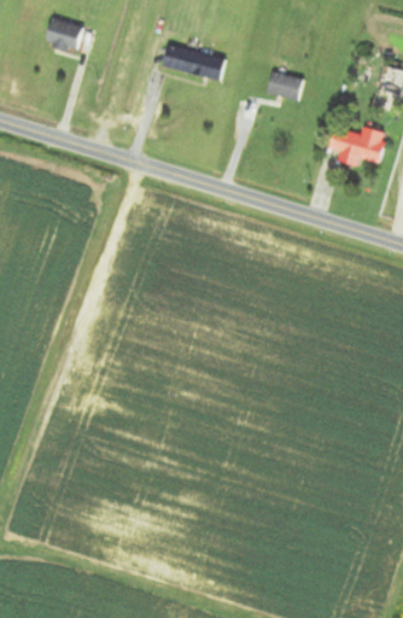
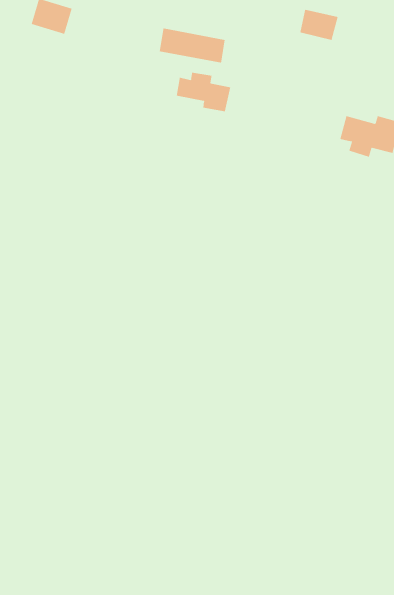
building: [267,71,303,100] -> [299,9,339,40]
building: none -> [176,72,231,112]

